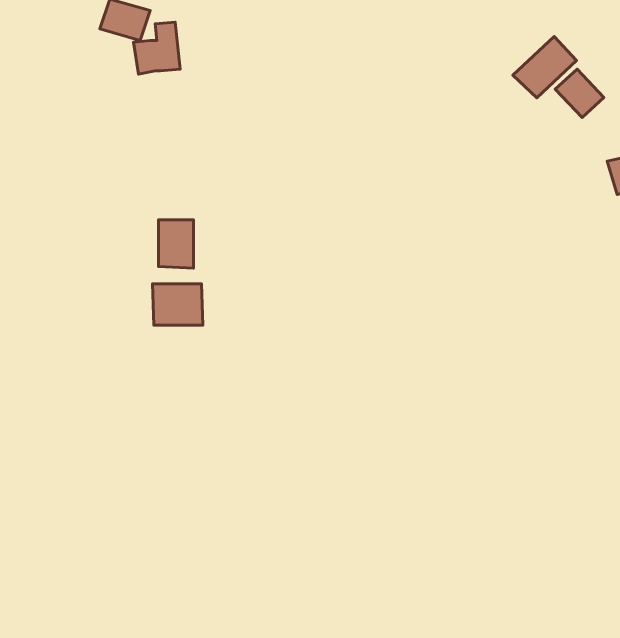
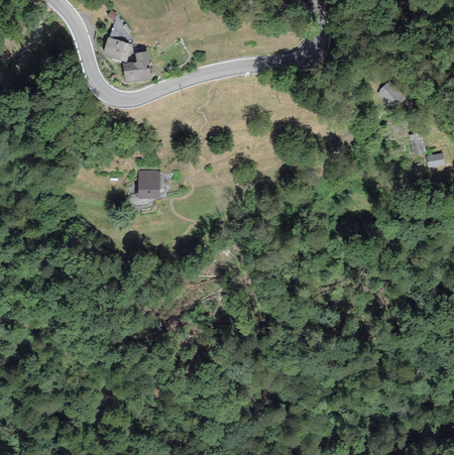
building: [513,37,577,98] -> none
building: [153,284,203,325] -> none

